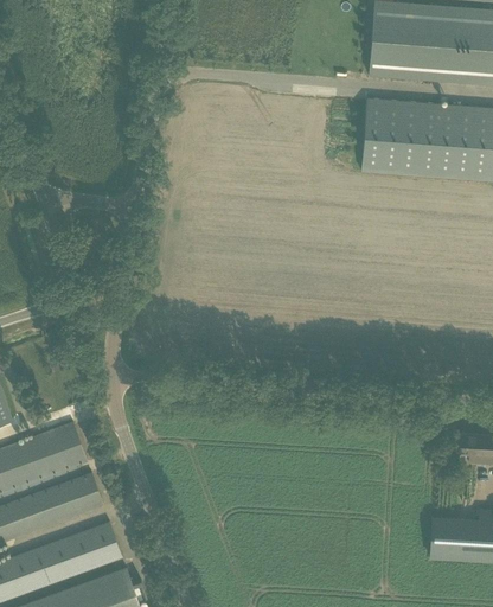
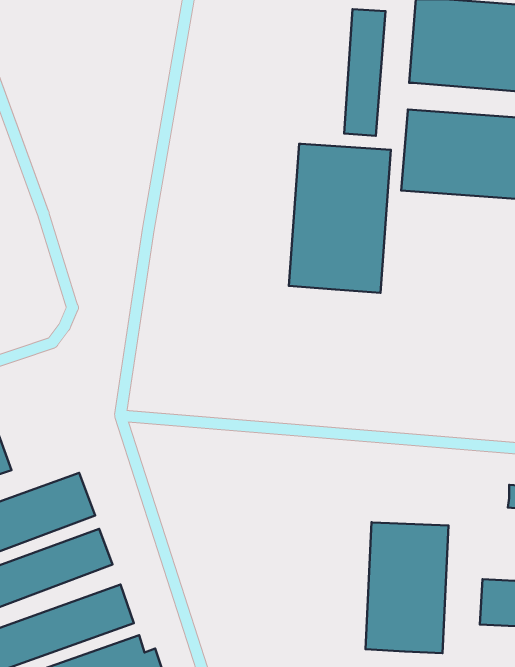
building: none -> [344,9,385,136]
building: none -> [289,144,391,293]
building: none -> [366,522,449,653]

